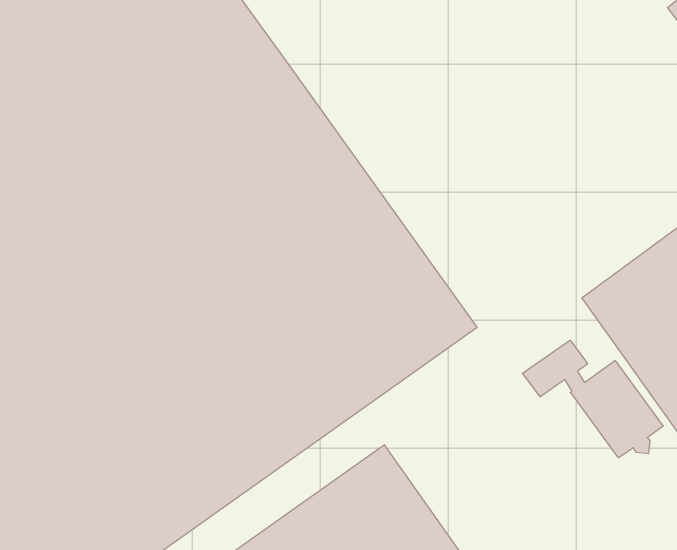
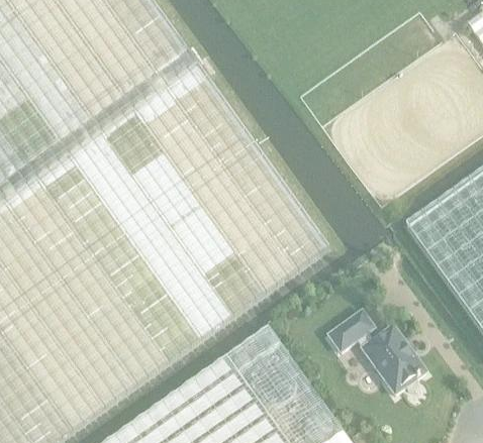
building: [522,340,663,458] -> [328,314,426,396]

